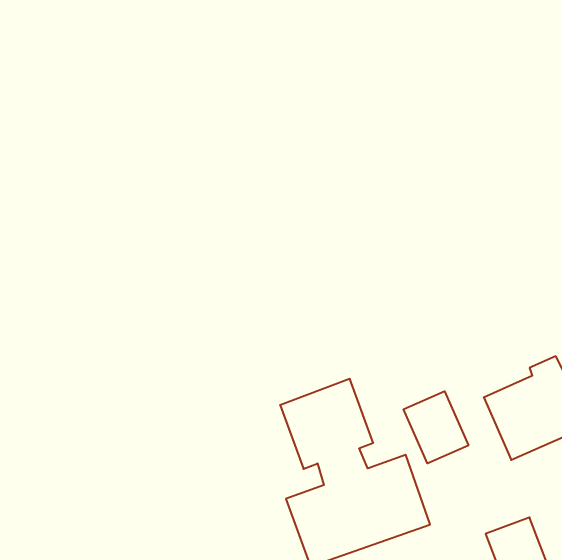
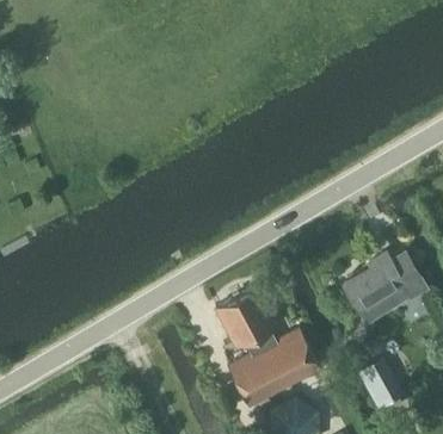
building: [404,391,468,463] -> none

